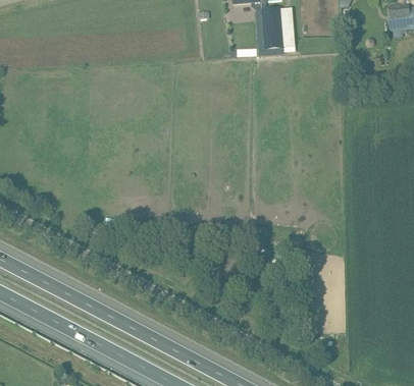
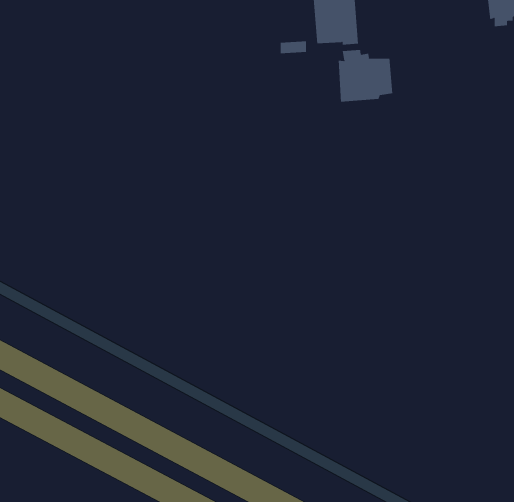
building: none -> [338,49,393,103]

